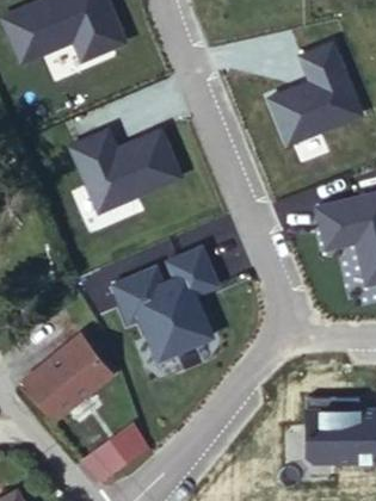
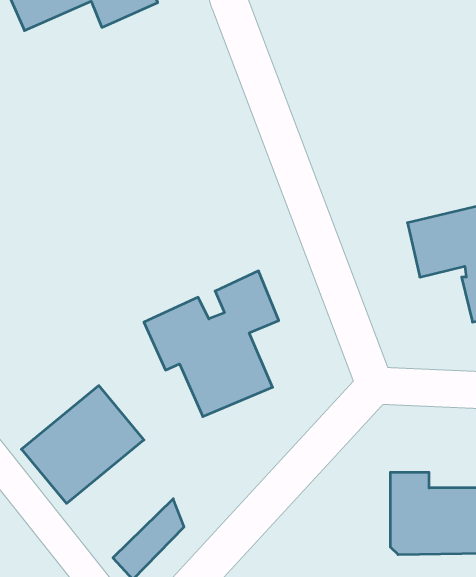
building: [270,43,362,144] -> none
building: [72,131,183,214] -> none

